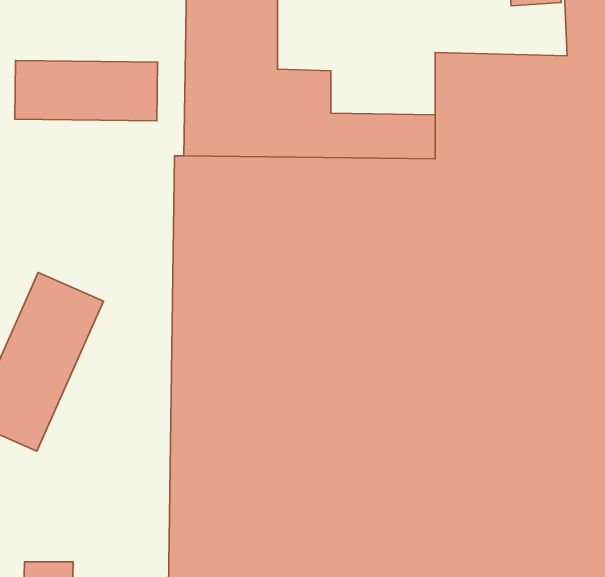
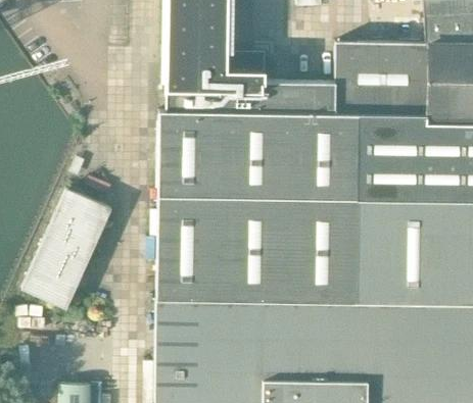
building: [15,60,158,121] -> none

